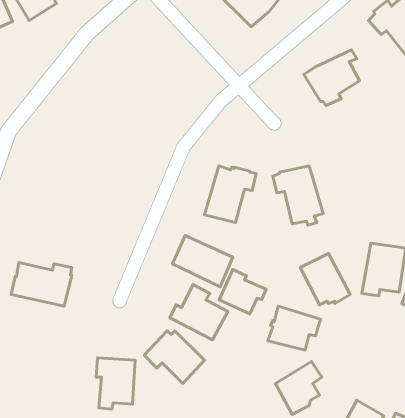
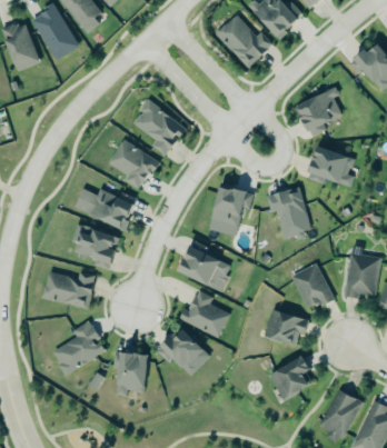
building: none -> [133,101,187,157]
building: none -> [108,139,160,187]
building: none -> [307,146,355,188]
building: none -> [75,189,136,230]
building: none -> [70,222,118,269]
building: [219,270,266,314] -> none
building: none -> [52,321,107,376]

